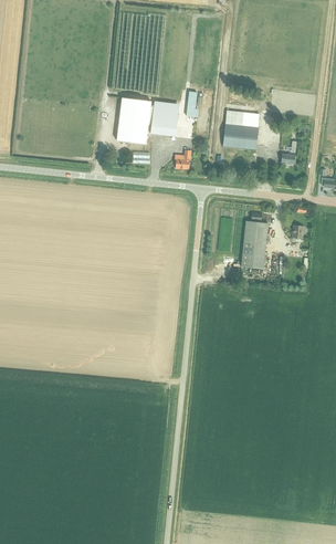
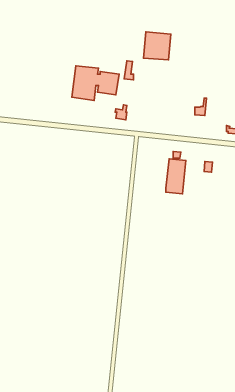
building: [221,111,258,148] -> [143,32,171,60]

